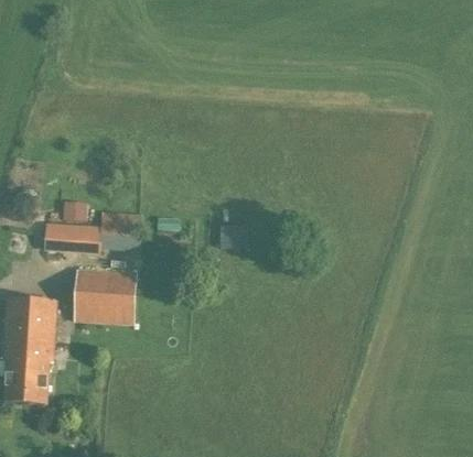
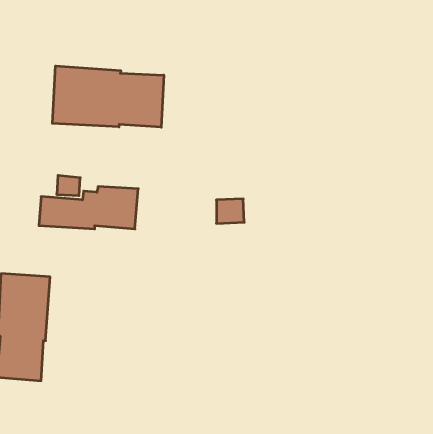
building: none -> [52,66,164,127]
building: [73,269,137,324] -> none

